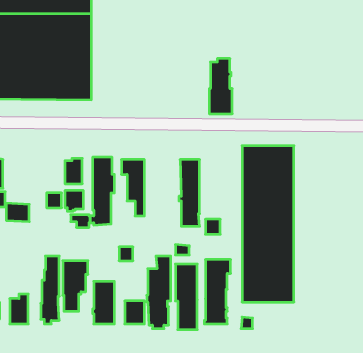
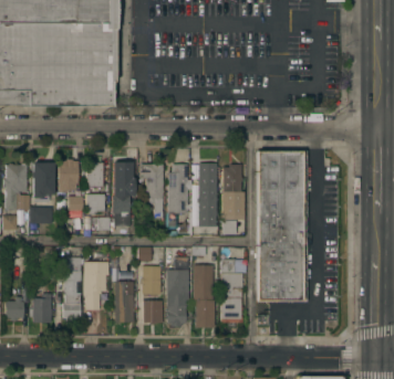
building: [209,59,232,114] -> [221,164,243,217]
building: none -> [58,160,79,190]
building: none -> [31,161,54,197]
building: none -> [168,164,187,213]
building: none -> [141,265,160,294]

